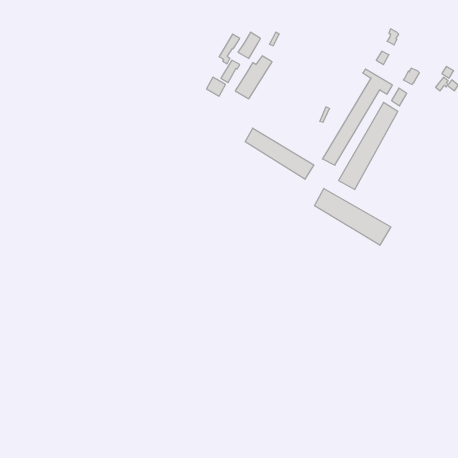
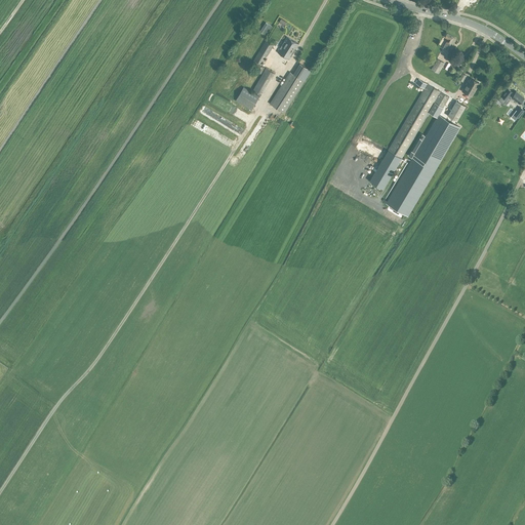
building: [245,128,314,179] -> none
building: [315,188,391,245] -> none

